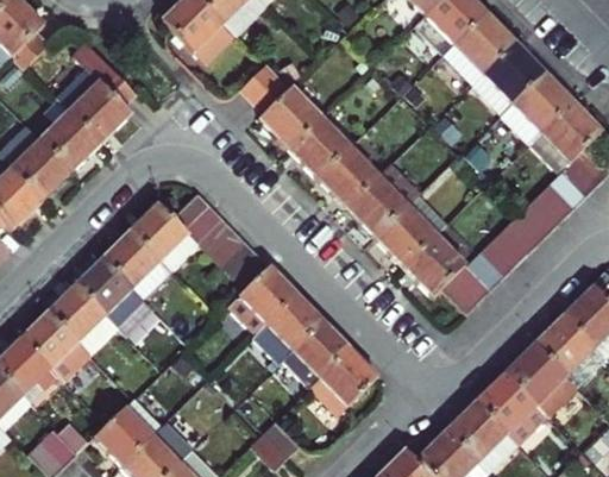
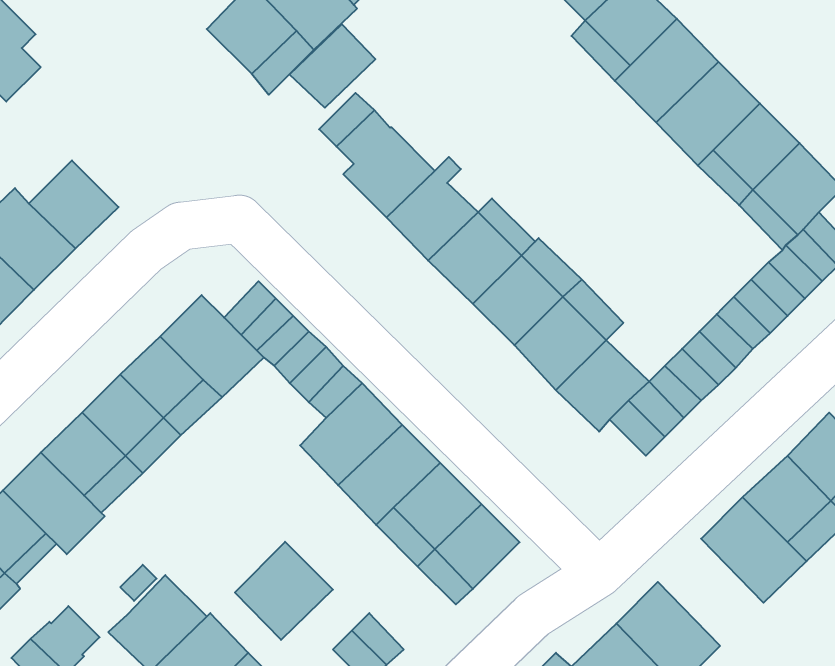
building: none -> [289,24,375,108]
building: [61,42,136,143] -> none
building: [473,371,546,445] -> none
building: none -> [235,542,333,640]

